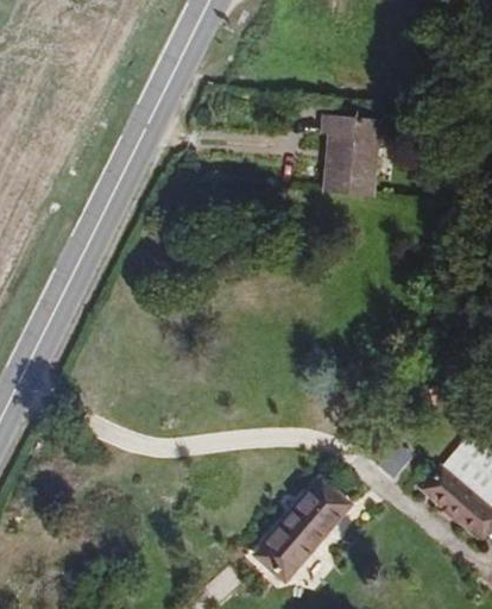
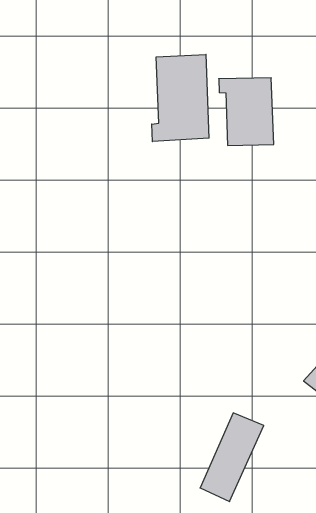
building: none -> [152,54,209,142]

